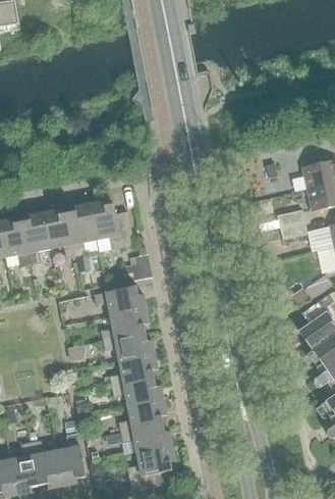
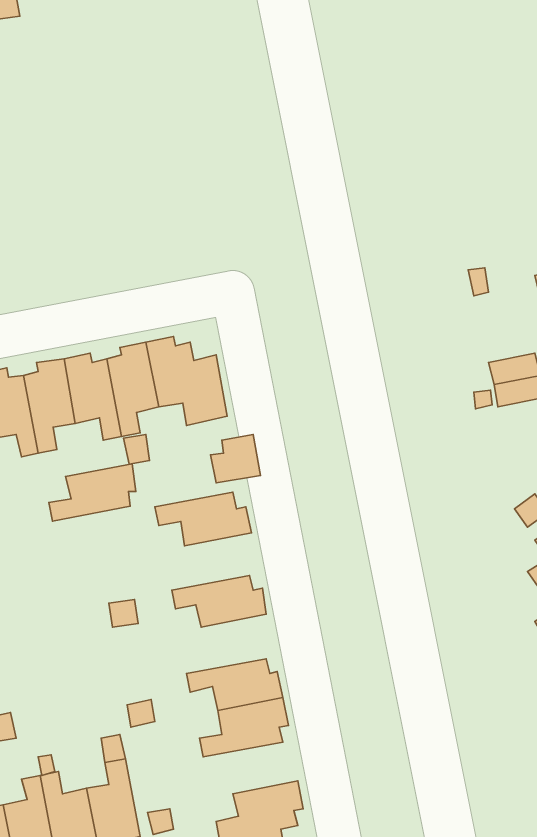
building: [100,308,148,340] -> [49,464,136,521]
building: [109,353,157,386] -> none
building: [106,423,171,452] -> none

